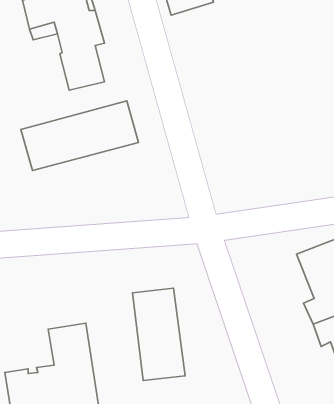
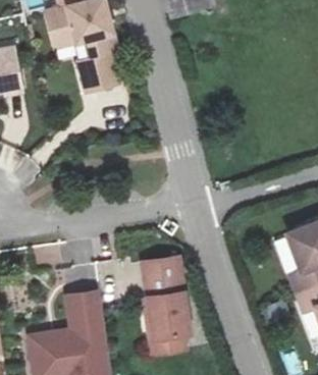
building: [21,101,139,170] -> none

